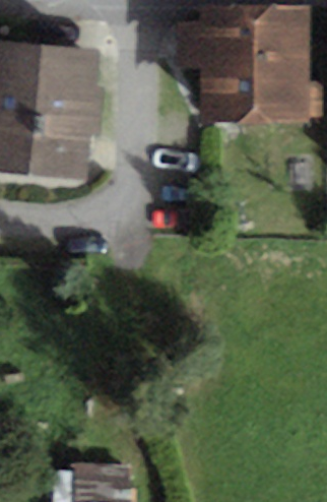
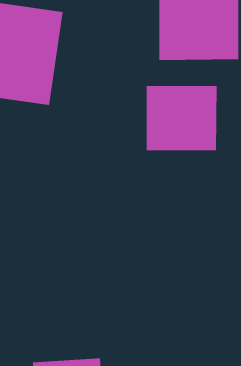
building: none -> [146,85,217,151]

